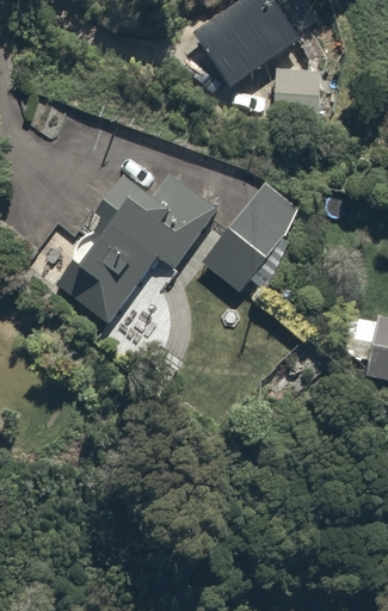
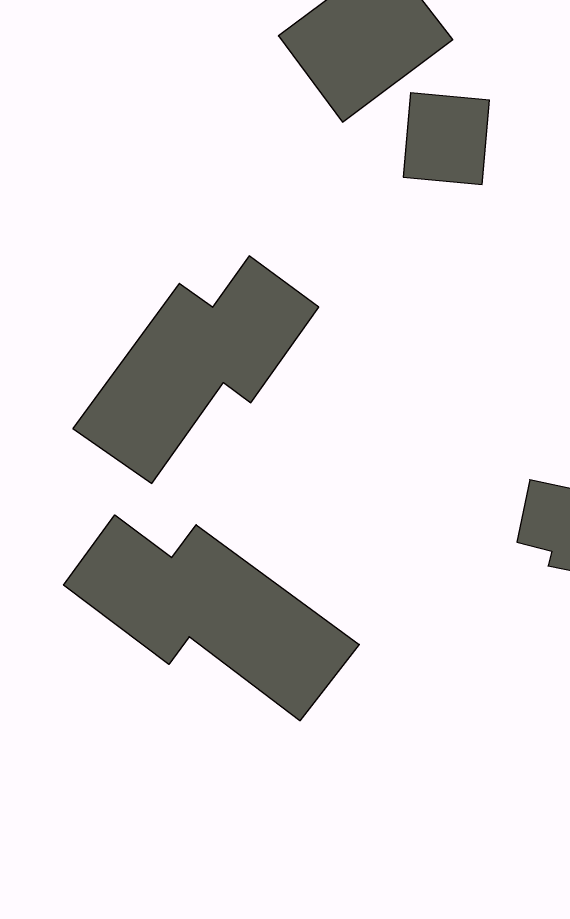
building: [204,180,303,294] -> none
building: none -> [64,515,359,721]

